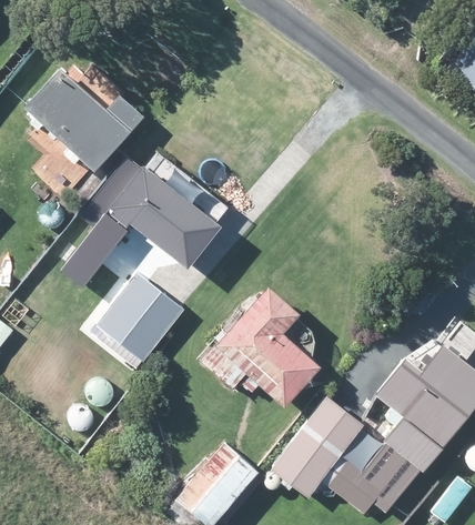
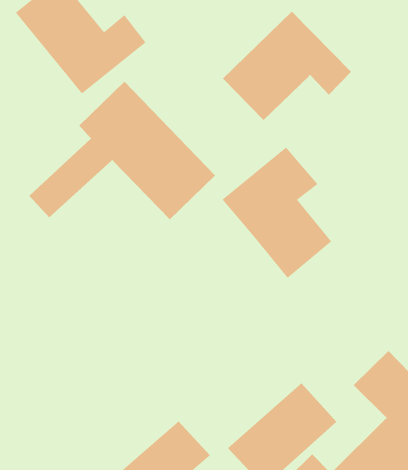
building: none -> [222,11,352,121]
building: [97,274,183,362] -> none
building: [216,289,320,405] -> [221,146,332,279]

